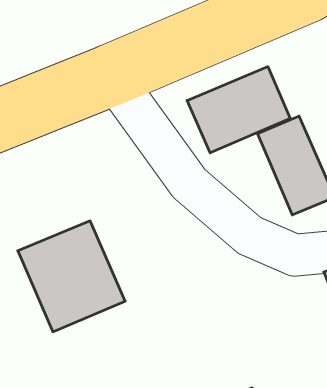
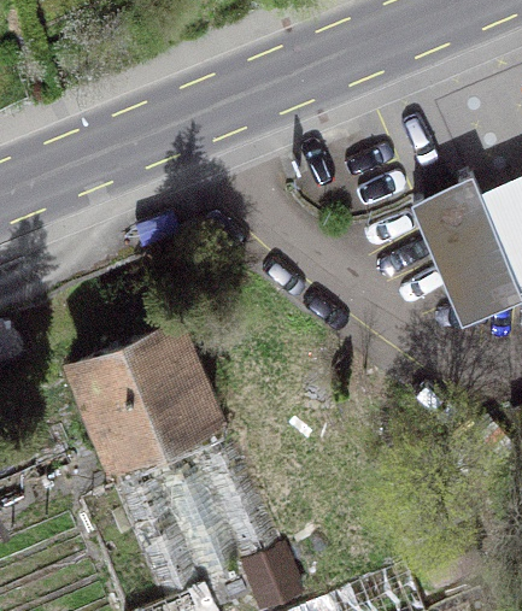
building: [187,67,290,153] -> none

